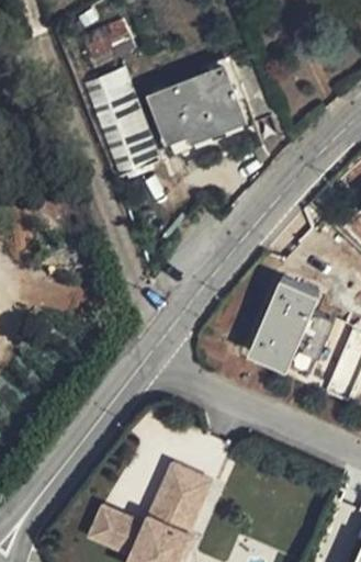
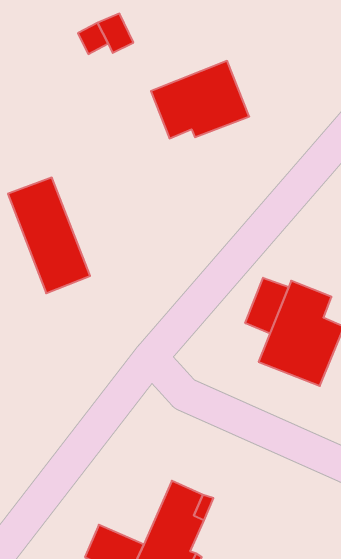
building: [80,67,158,177] -> [8,178,90,293]
building: none -> [245,278,289,333]

